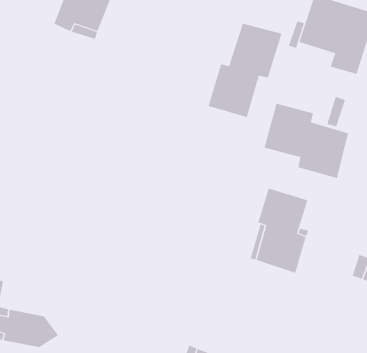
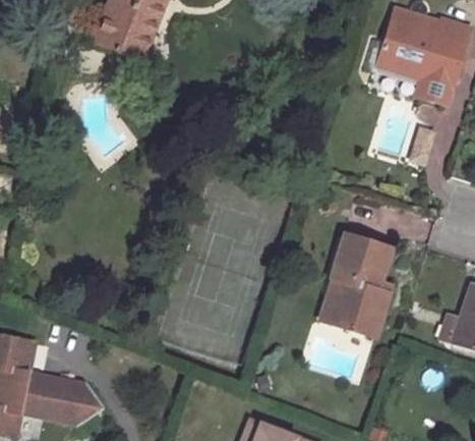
building: [208,23,282,118] -> none
building: [264,103,348,179] -> none

